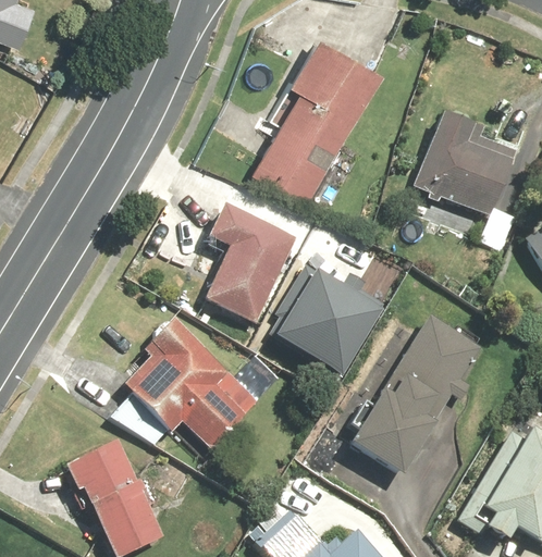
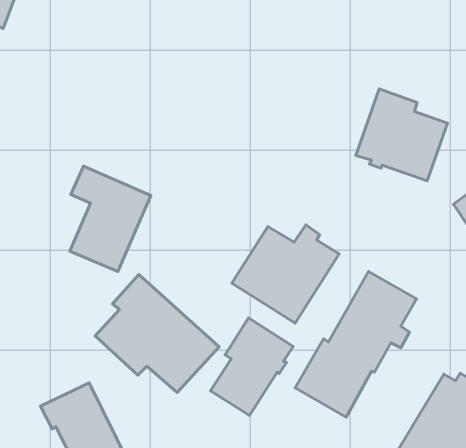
building: [254,35,384,202] -> none
building: [205,207,295,324] -> [70,166,151,272]
building: none -> [211,318,293,415]

